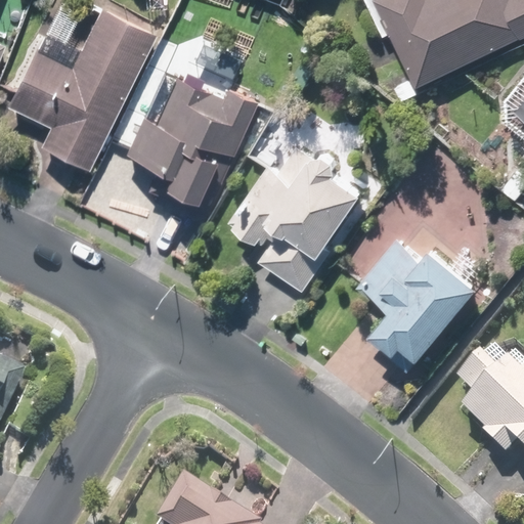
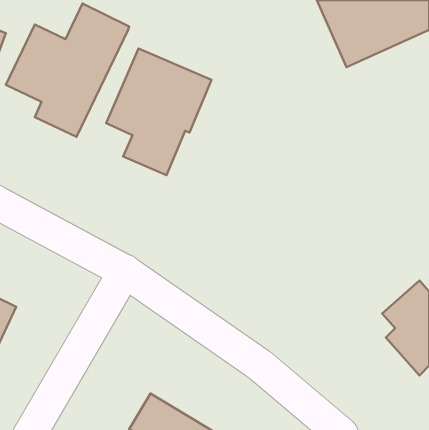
building: [230,140,374,292] -> none
building: [359,235,482,373] -> none

